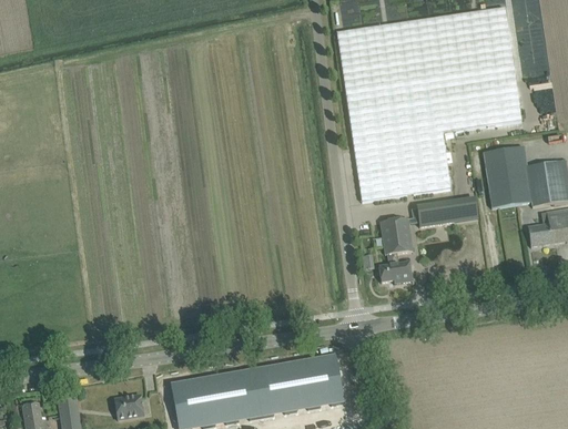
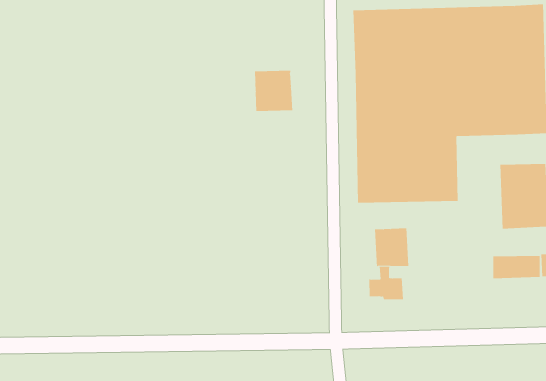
building: none -> [254,70,293,112]
building: [417,200,462,225] -> [492,256,541,279]

